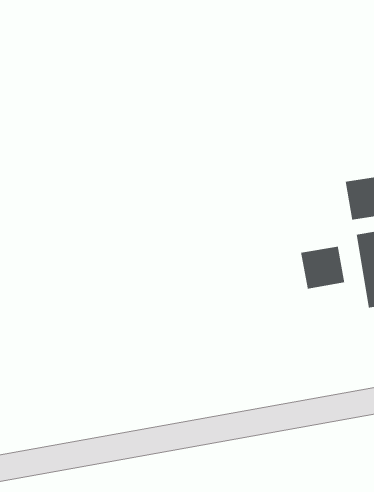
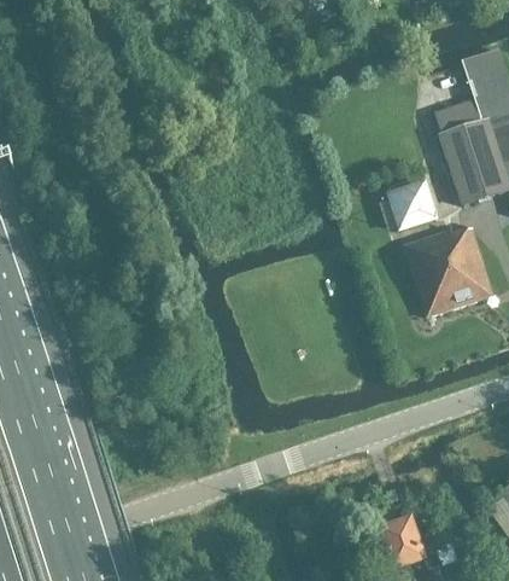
building: [301,246,345,289] -> none

